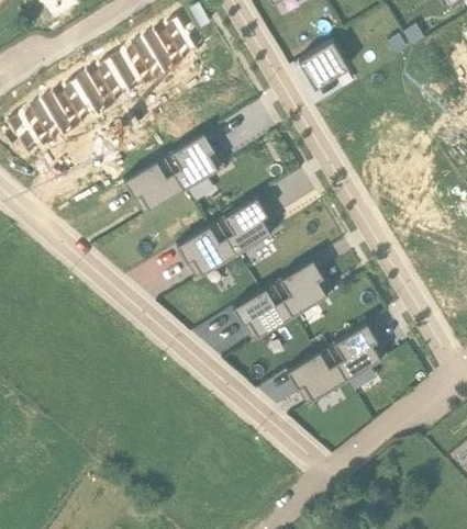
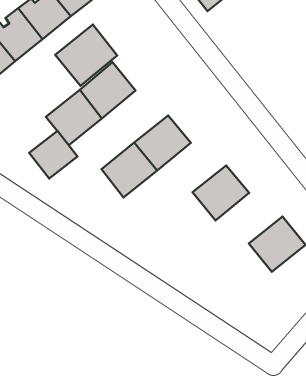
building: none -> [55,25,117,86]
building: none -> [29,131,78,178]
building: [234,281,296,339] -> none
building: [288,345,349,404] -> none

